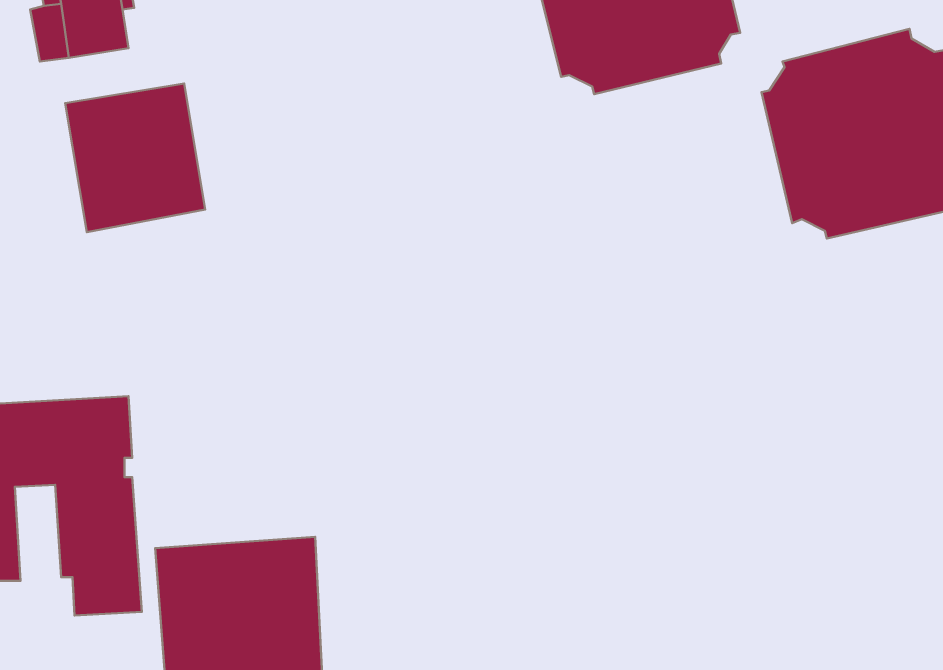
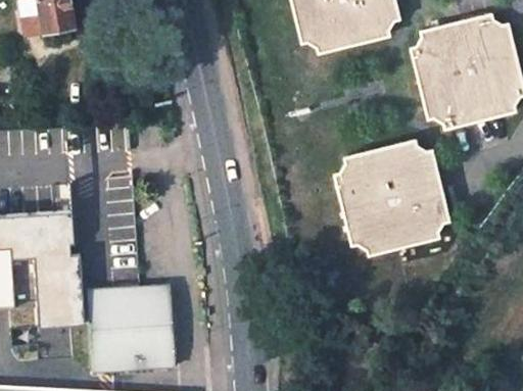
building: [65,84,205,232] -> none
building: none -> [335,141,446,255]

